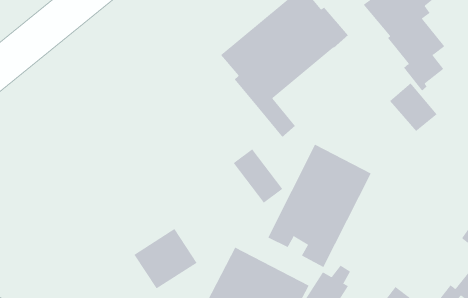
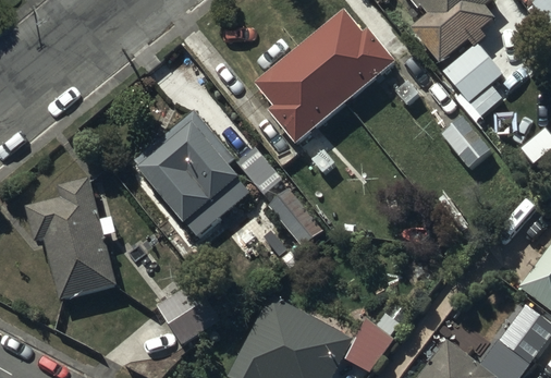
building: none -> [134,108,253,237]
building: none -> [25,176,115,300]
building: [267,144,372,268] -> none

